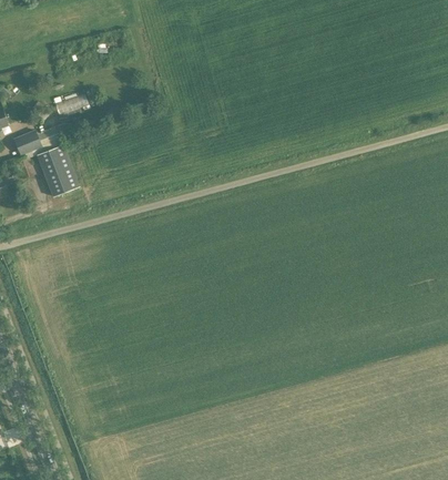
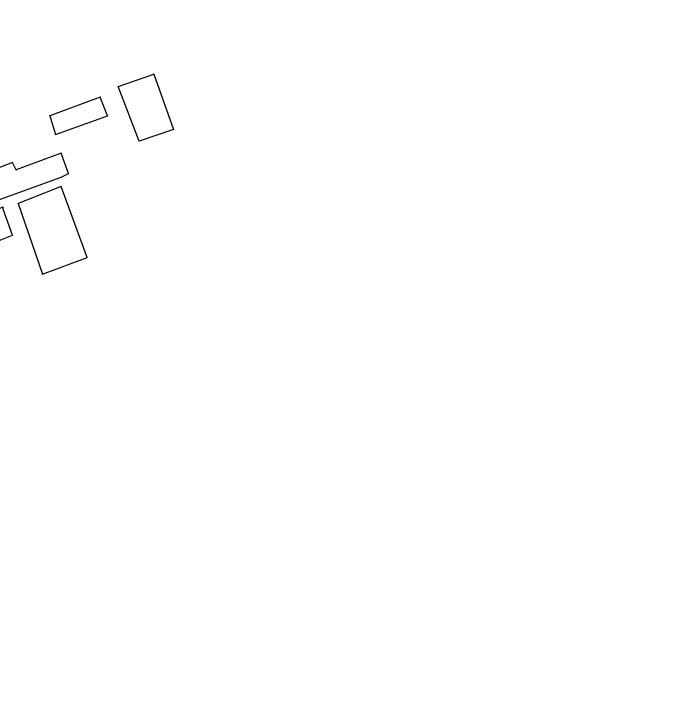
building: none -> [118,74,174,141]

